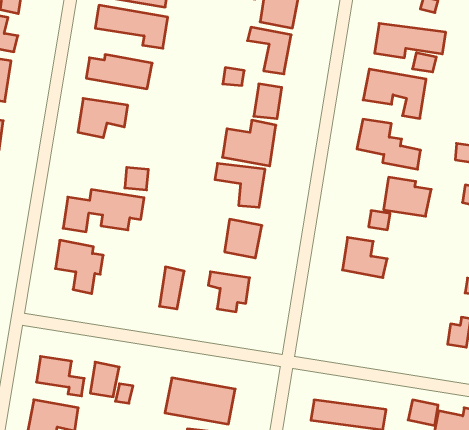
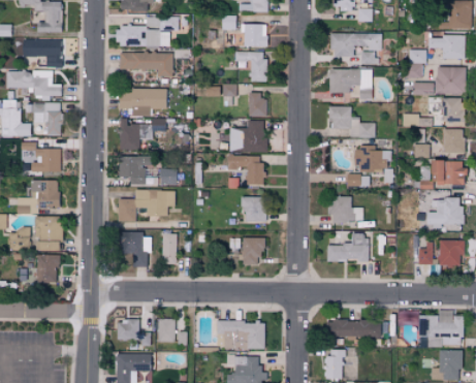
building: none -> [119,157,153,186]
building: [159,267,184,309] -> [162,234,177,264]
building: none -> [326,234,368,262]

